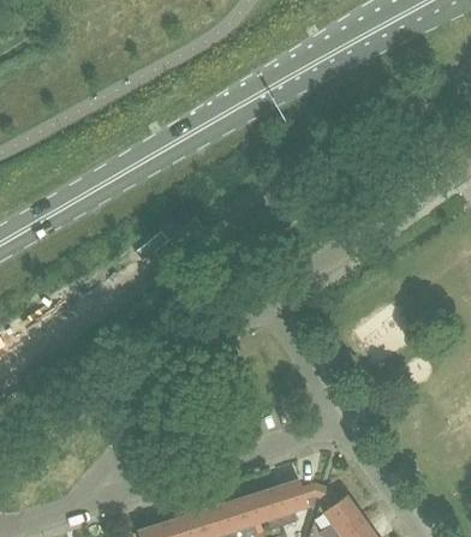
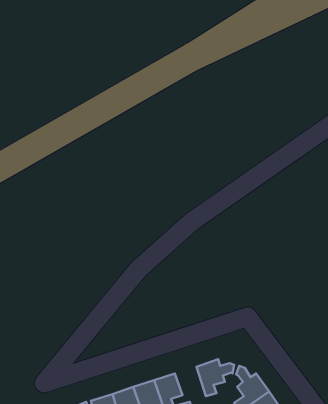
building: [243,488,282,530] -> none

